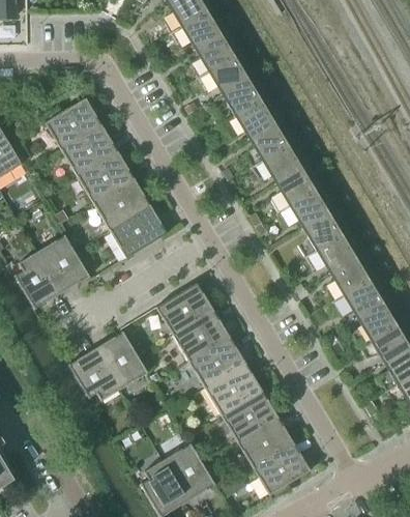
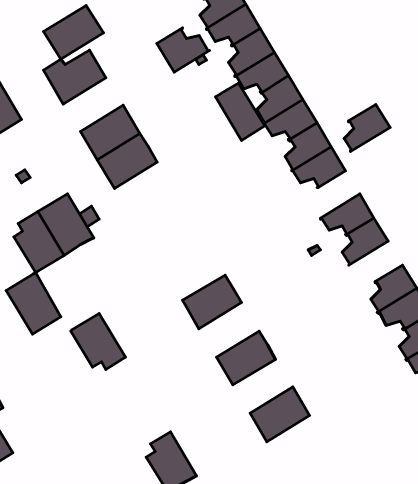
building: none -> [157,28,209,72]
building: [62,124,119,175] -> [43,5,104,59]
building: none -> [216,83,265,141]
building: [111,204,169,258] -> none
building: [299,212,343,257] -> [344,104,390,151]
building: [332,279,383,317] -> none
building: [157,282,215,335] -> none
building: [96,331,148,389] -> [6,273,61,334]
building: [191,337,247,389] -> none
building: [223,391,280,441] -> none
building: [164,442,216,500] -> none
building: [255,443,312,499] -> none

